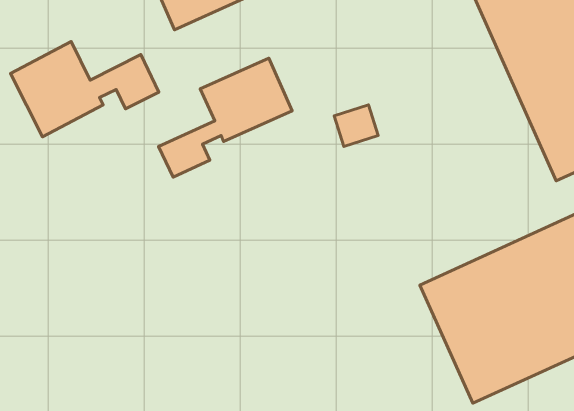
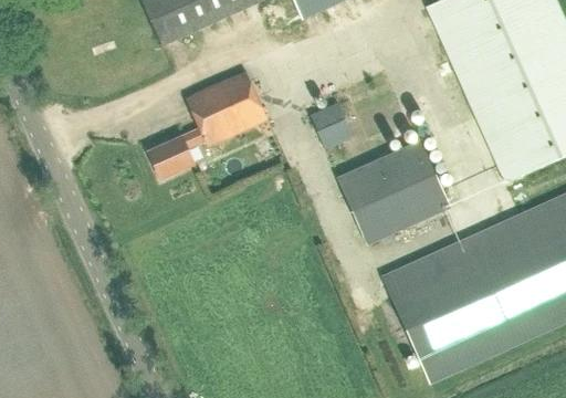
building: [10,42,159,137] -> none
building: none -> [338,139,450,243]

